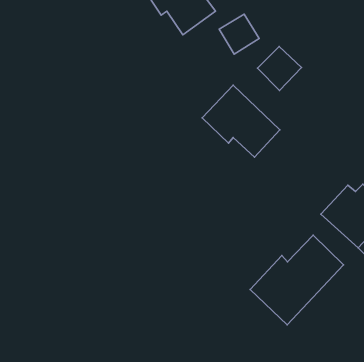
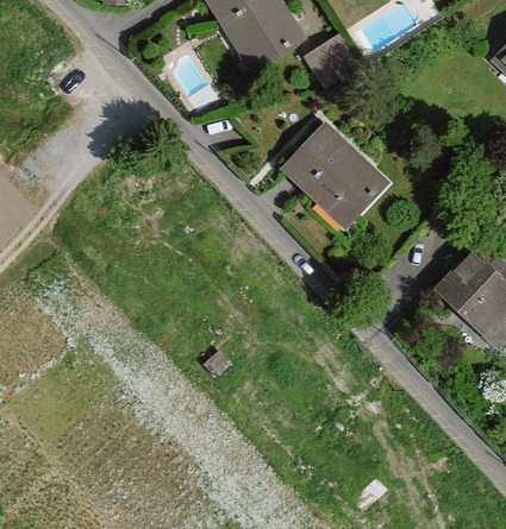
building: [258,46,301,90] -> none
building: [250,235,344,325] -> none

